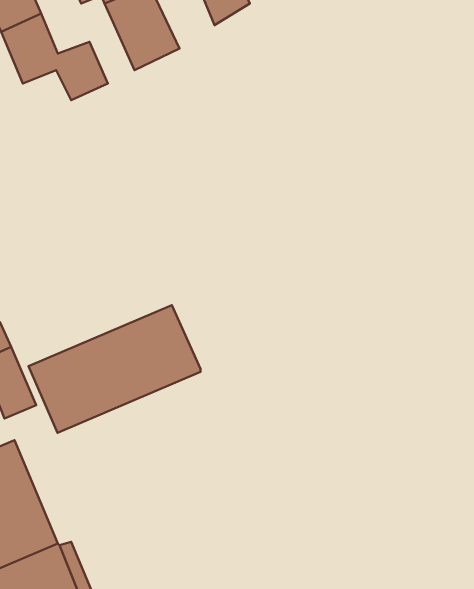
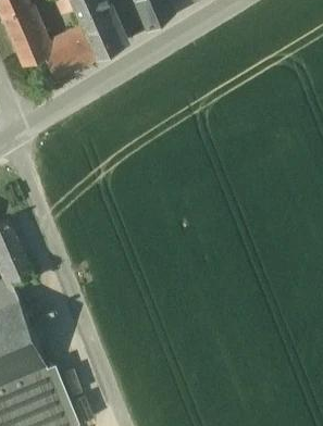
building: none -> [65,27,97,67]
building: [29,305,201,433] -> none

